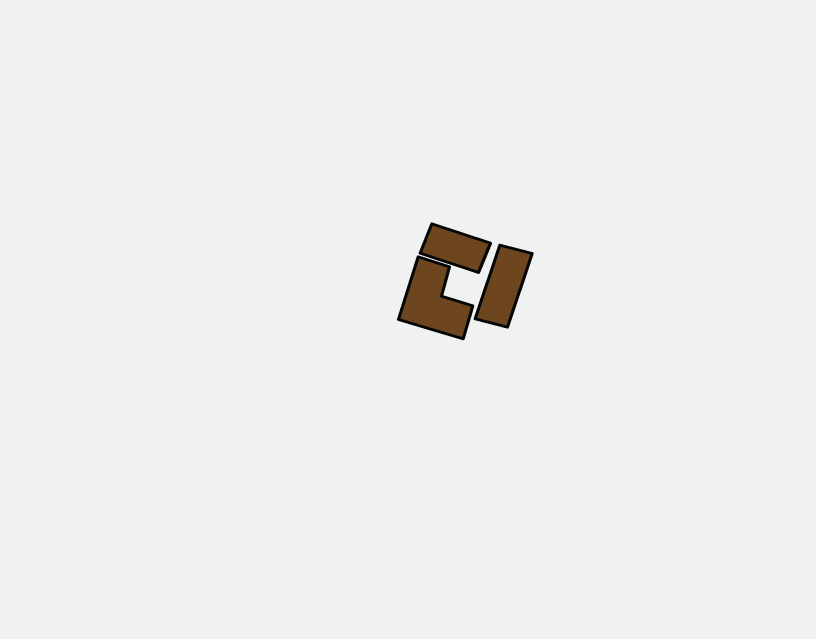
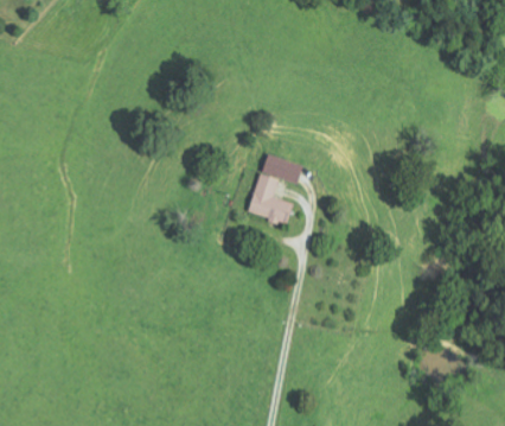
building: [475,245,532,327] -> none

